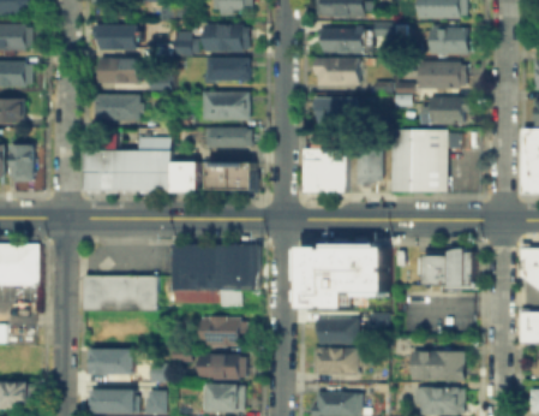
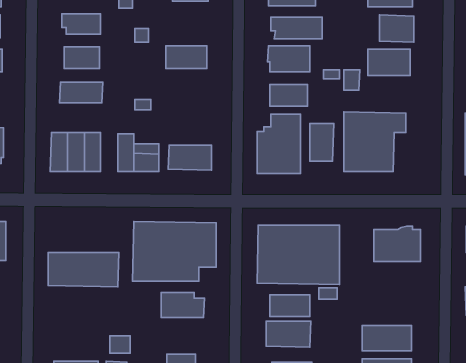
building: [205,26,247,52] -> none
building: [202,87,248,119] -> none
building: [429,100,460,121] -> none
building: [205,129,251,149] -> none
building: [138,137,170,191] -> none
building: [88,347,136,374] -> none
building: [198,355,245,380] -> none

